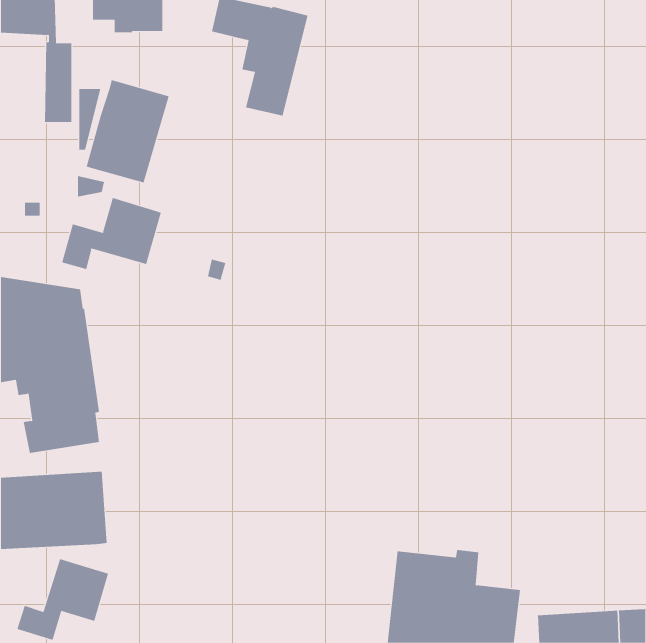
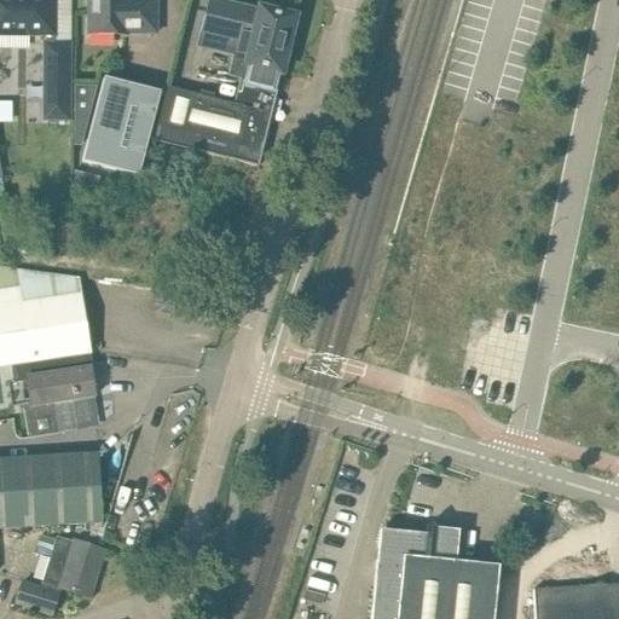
building: none -> [156,85,271,163]
building: [62,197,161,270] -> none

